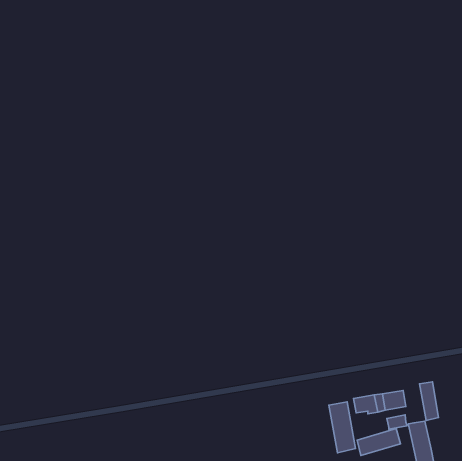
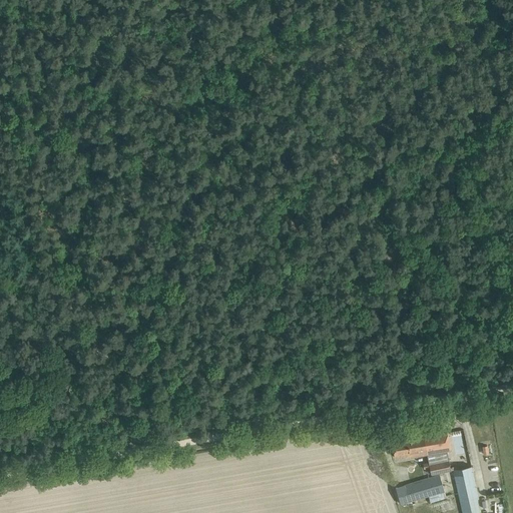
building: [420,382,438,421] -> none
building: [329,402,355,453] -> none

